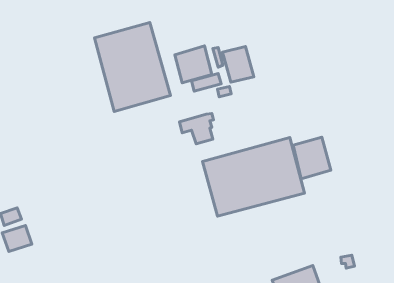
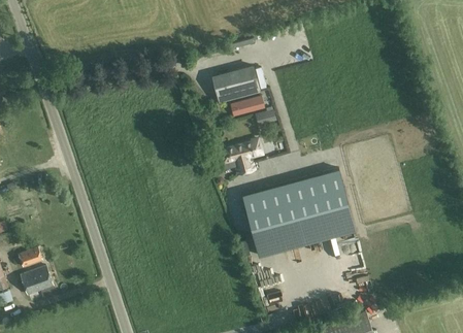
building: [94,22,171,111] -> none
building: [223,47,254,82] -> none
building: [293,137,331,179] -> none

